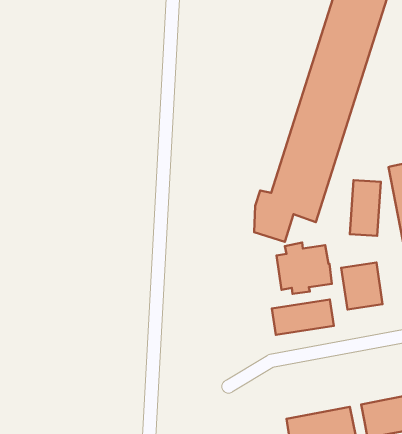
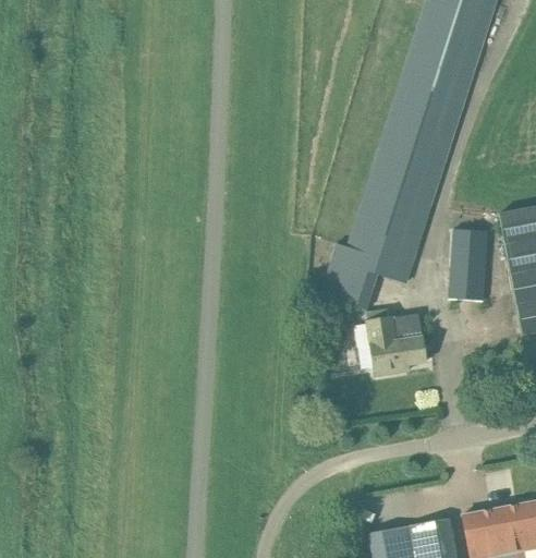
building: [341,263,383,309] -> none
building: [272,300,334,335] -> none

